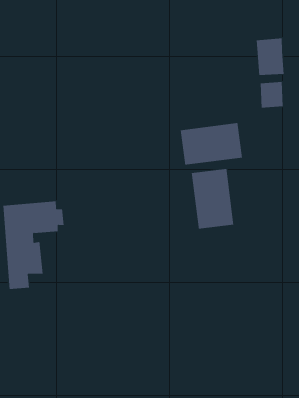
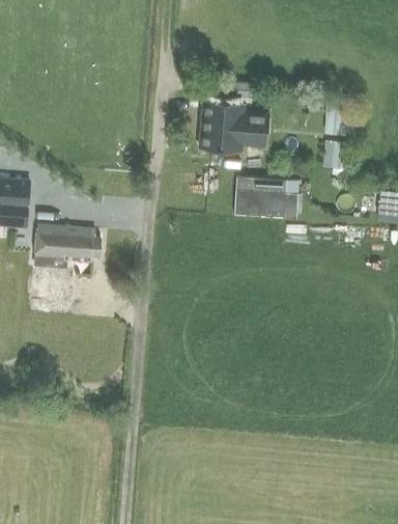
building: none -> [199,100,268,151]
building: [191,168,234,230] -> none

